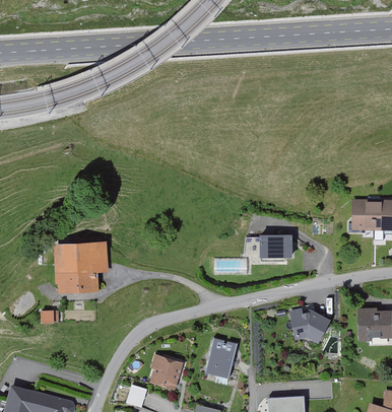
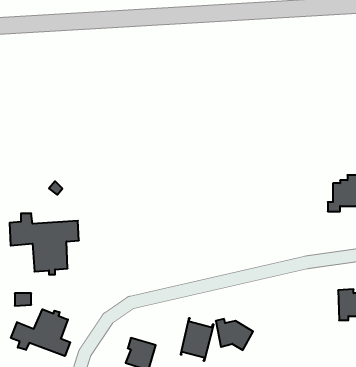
building: [259,235,290,261] -> none
building: [290,310,327,340] -> [216,319,253,350]
building: none -> [11,309,70,356]

